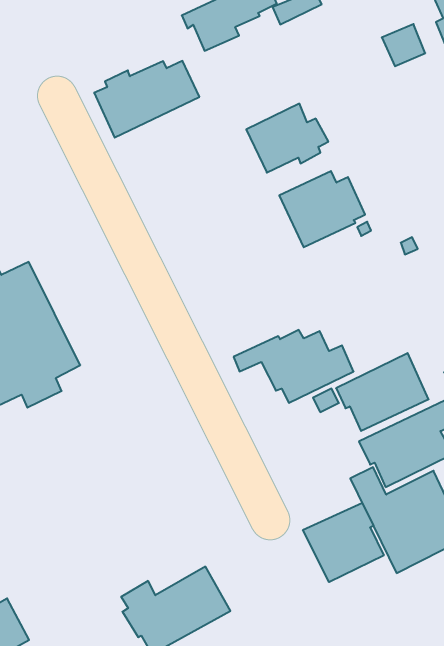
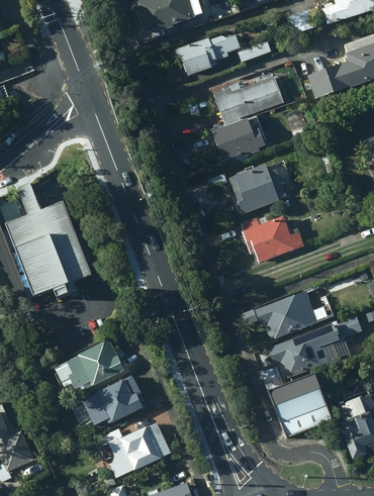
building: [94,61,199,138] -> [212,75,283,123]
building: [234,330,354,403] -> [224,213,304,262]
building: none -> [55,339,124,390]
building: none -> [83,374,147,424]
building: [303,503,384,582] -> none

